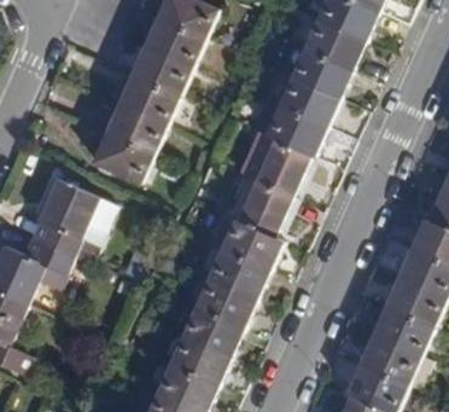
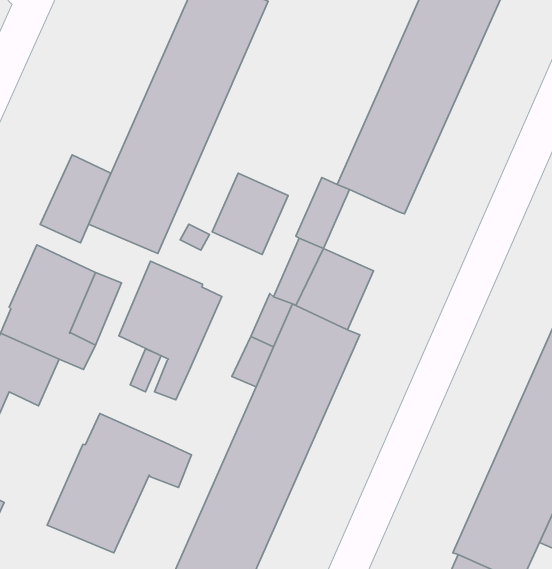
building: none -> [40,155,111,243]
building: [256,139,309,196] -> [212,173,288,254]
building: none -> [119,261,222,400]
building: none -> [47,413,192,553]

